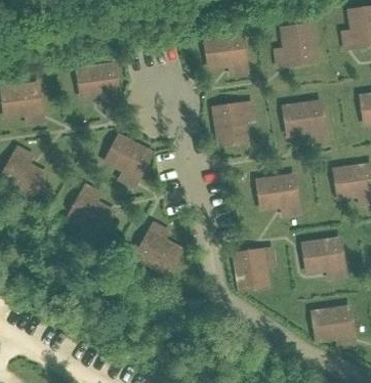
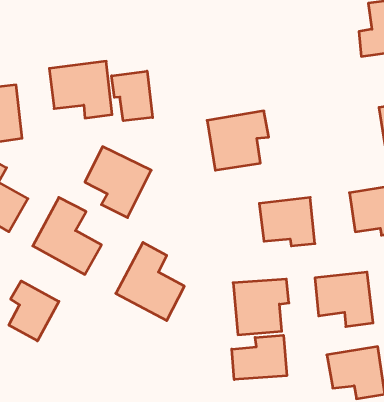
building: [274,25,320,69] -> none
building: [203,31,253,78] -> none
building: none -> [112,71,153,121]
building: [282,102,333,147] -> none
building: none -> [9,281,59,341]
building: none -> [232,335,287,380]

